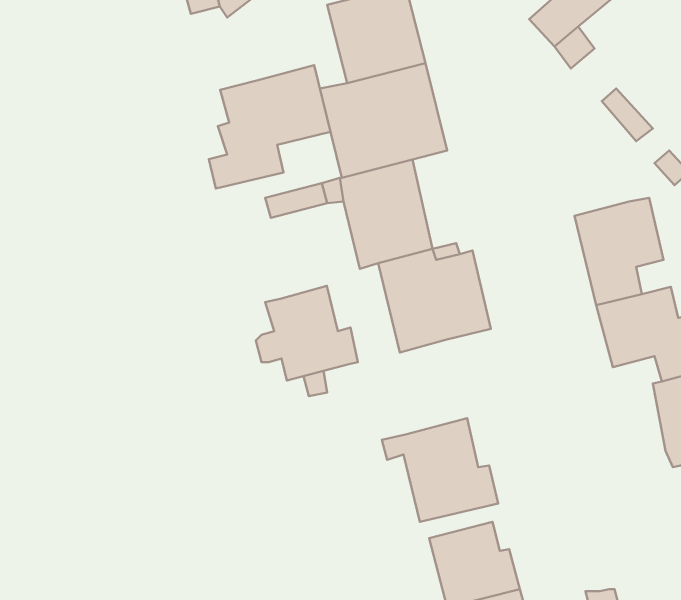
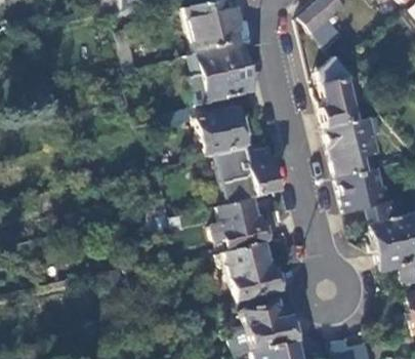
building: [209,65,330,189] -> none
building: none -> [322,79,357,127]
building: [256,286,358,380] -> [213,197,271,250]

